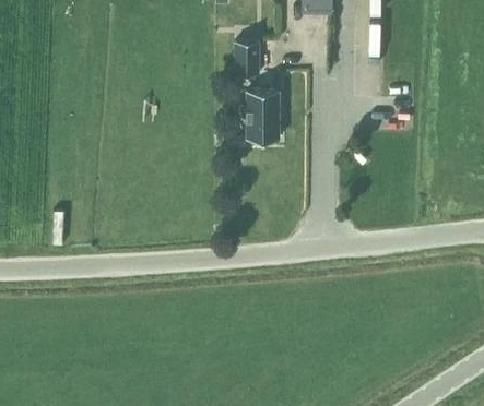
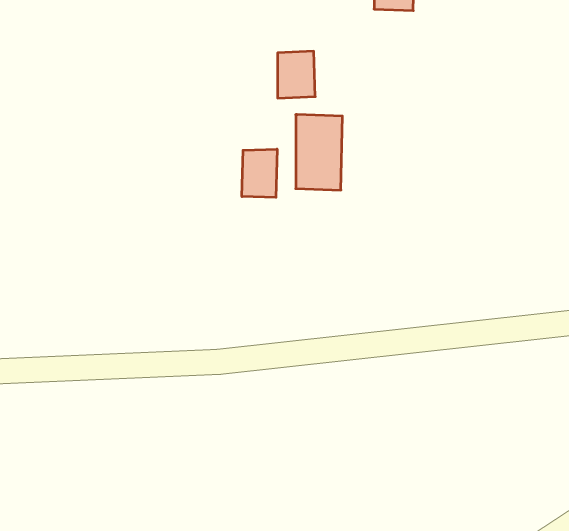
building: none -> [242,149,277,197]

